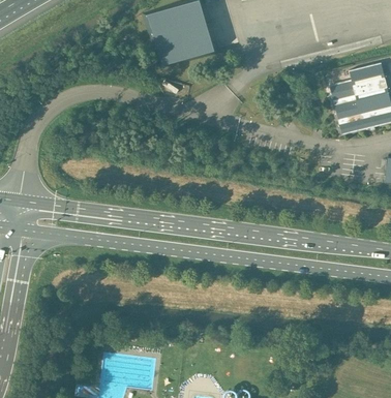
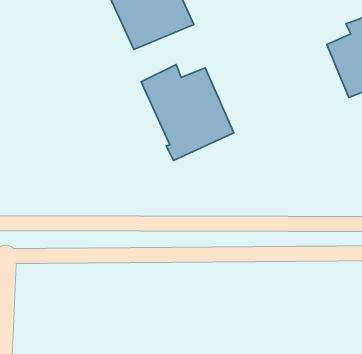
building: none -> [141,65,234,161]

